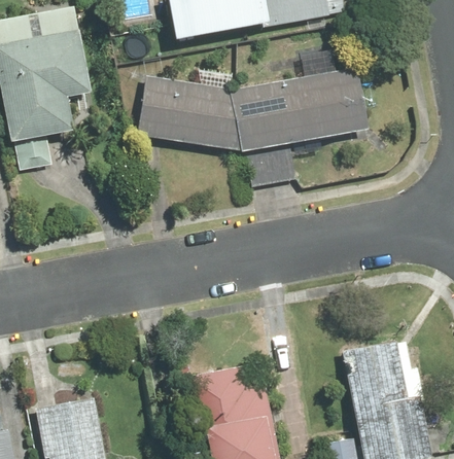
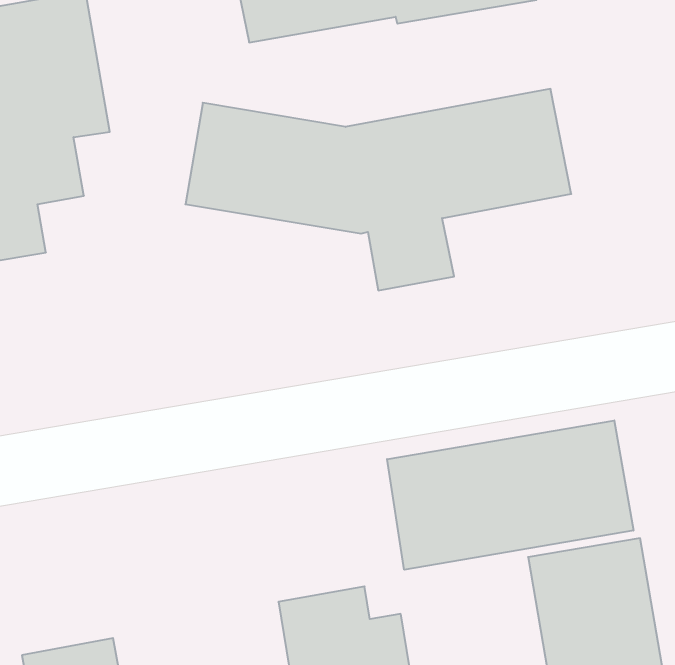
building: none -> [387,420,633,570]

